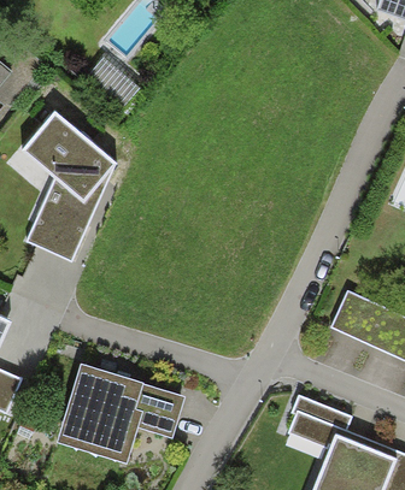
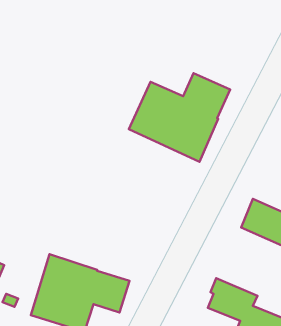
building: [22,111,116,261] -> none
building: none -> [129,73,230,162]

